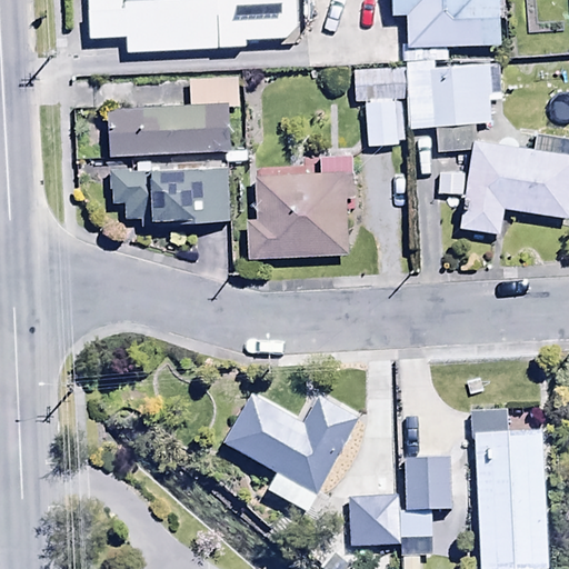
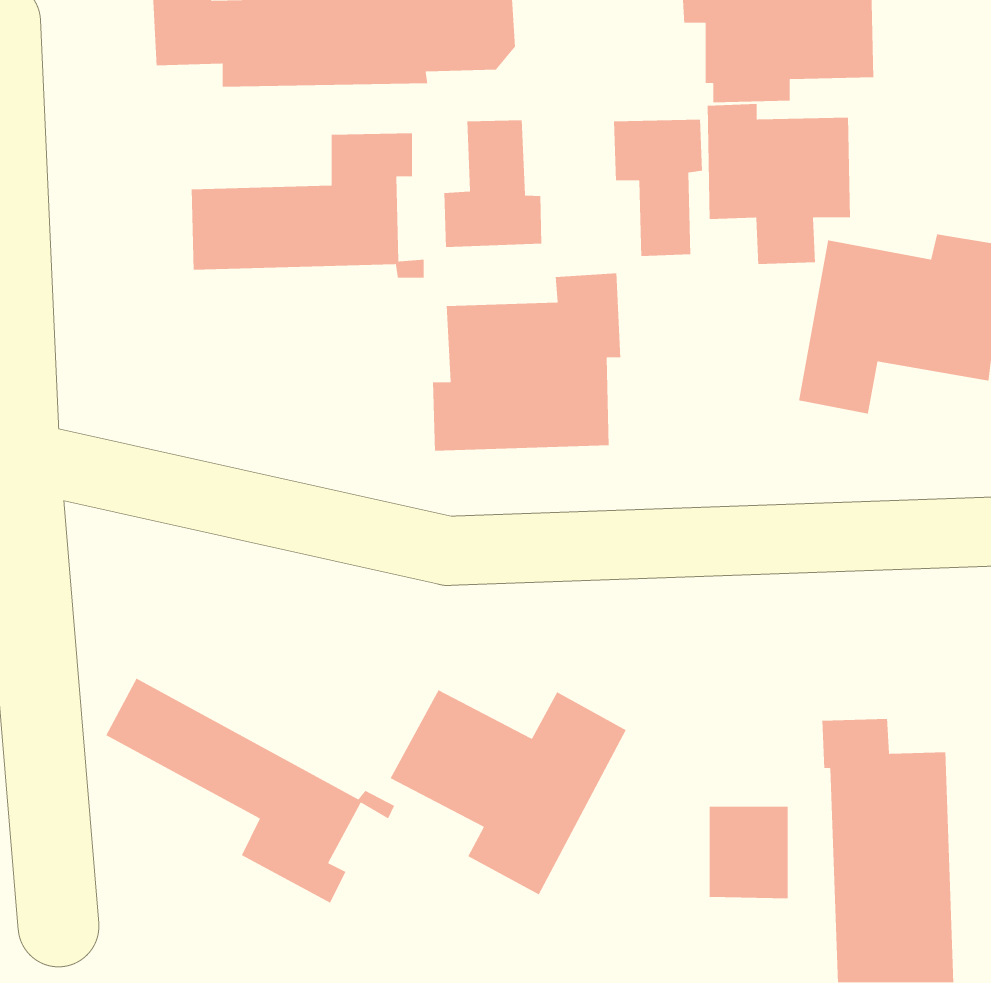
building: none -> [443,119,542,248]
building: [110,167,230,220] -> none
building: none -> [105,678,395,904]
building: [351,497,401,545] -> none

